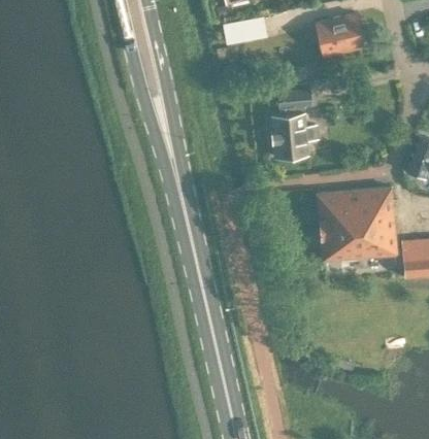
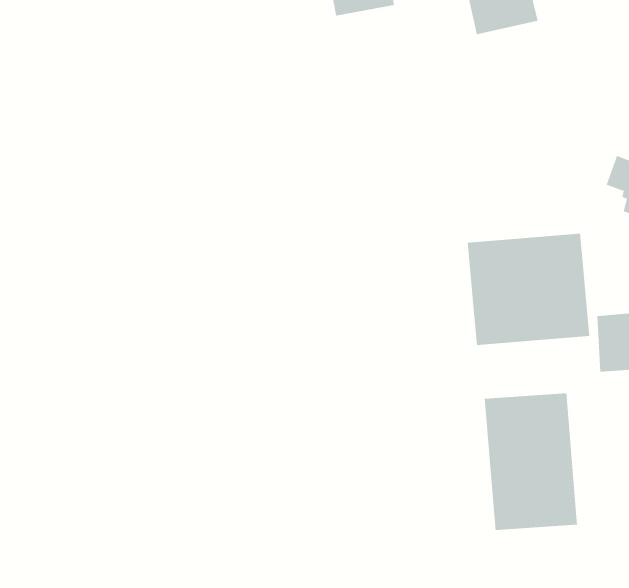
building: [270,90,318,159] -> none
building: none -> [484,392,578,531]

